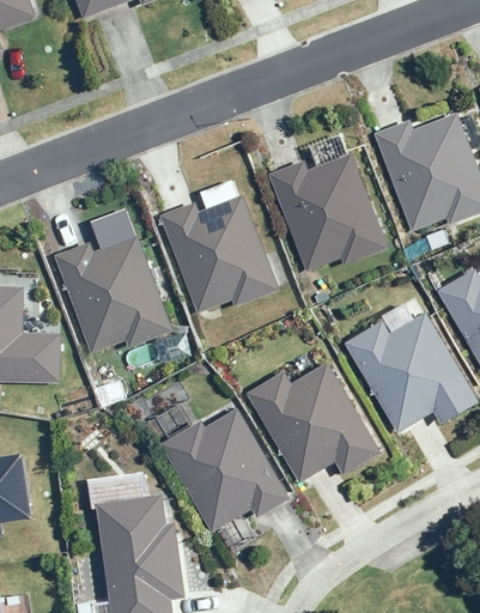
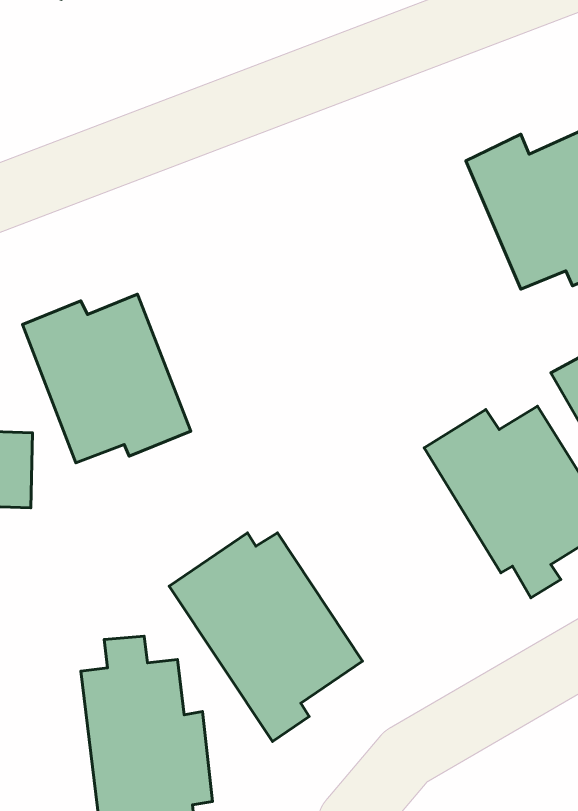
building: [265,153,390,269] -> none
building: [159,196,281,309] -> none
building: [241,356,387,498] -> none

